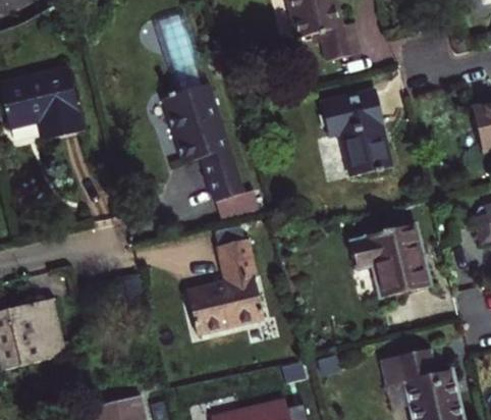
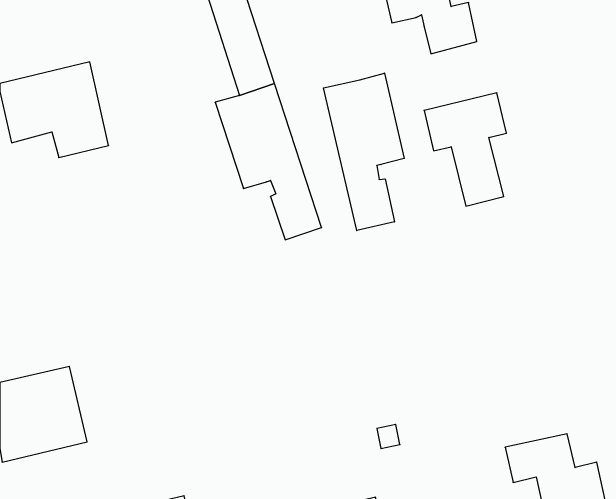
building: none -> [323,73,404,231]
building: [216,190,260,221] -> none
building: [350,224,431,298] -> none
building: [186,239,264,334] -> none

